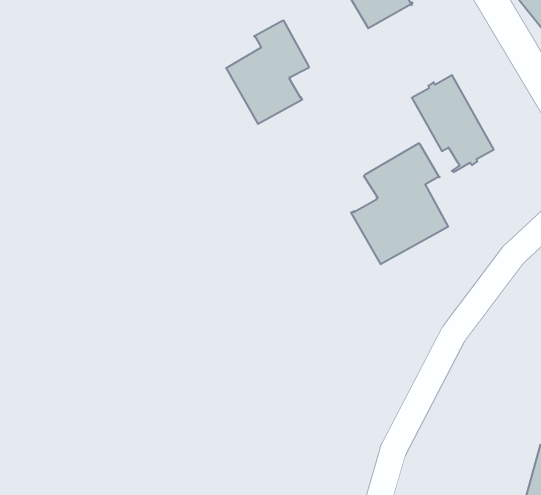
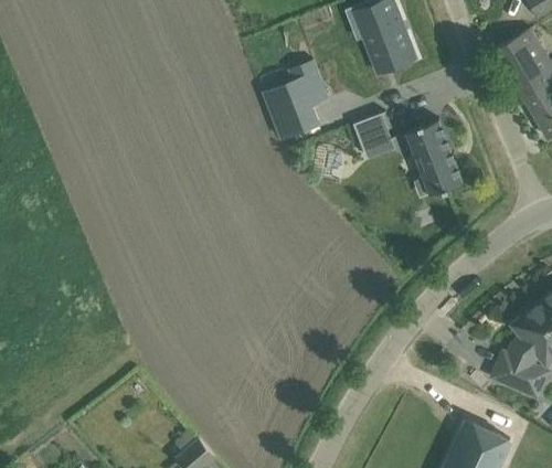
building: none -> [353,111,396,157]
building: [351,143,448,264] -> none

